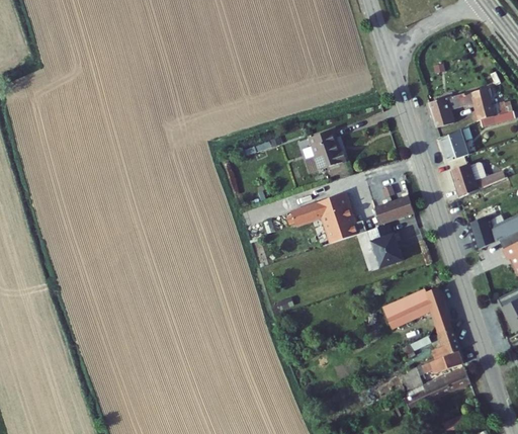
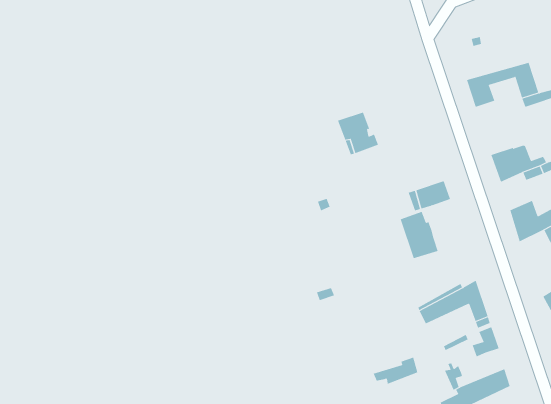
building: [439,125,470,160] -> none
building: [310,191,366,243] -> none
building: [421,348,462,373] -> [373,357,418,385]

